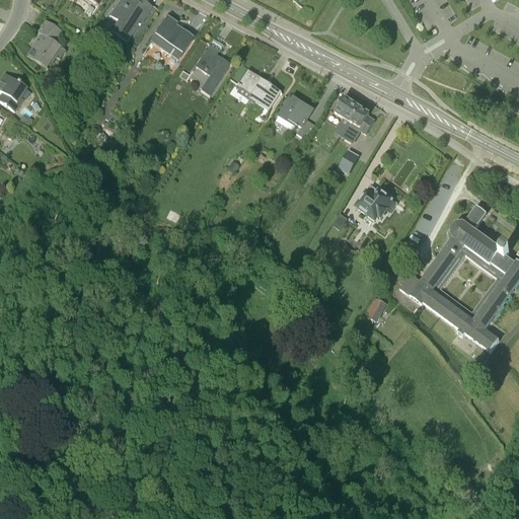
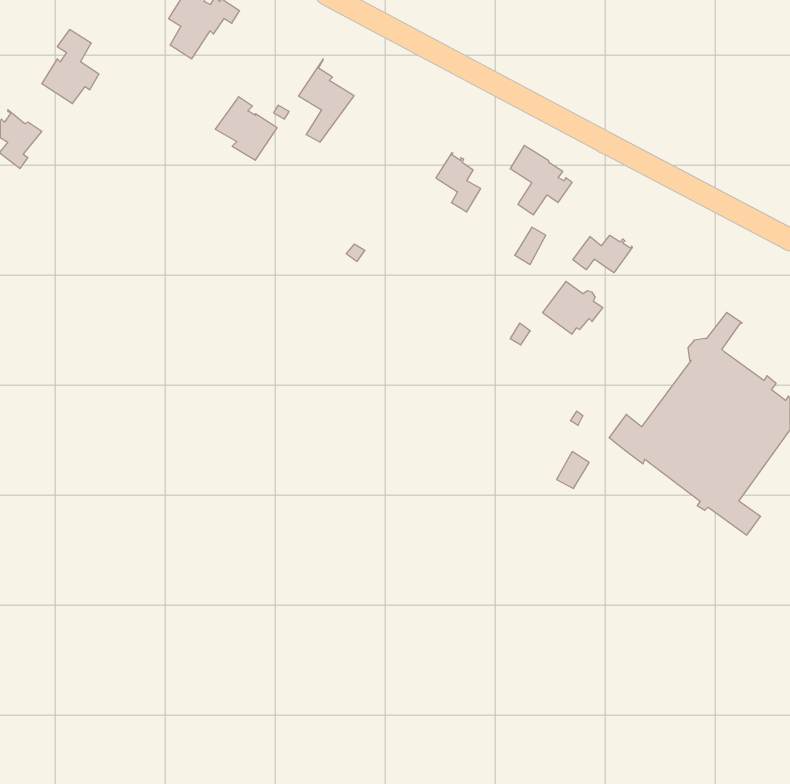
building: [152,16,193,58] -> [215,97,277,160]
building: [237,74,281,109] -> none
building: none -> [573,235,632,273]

